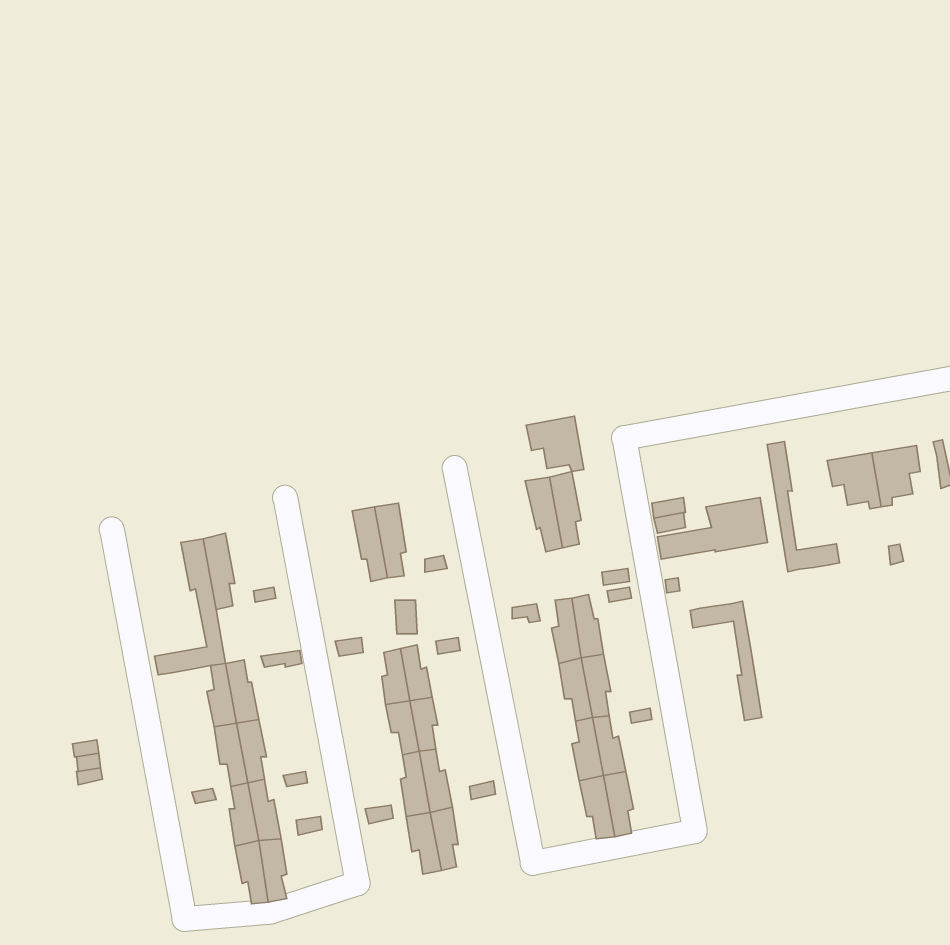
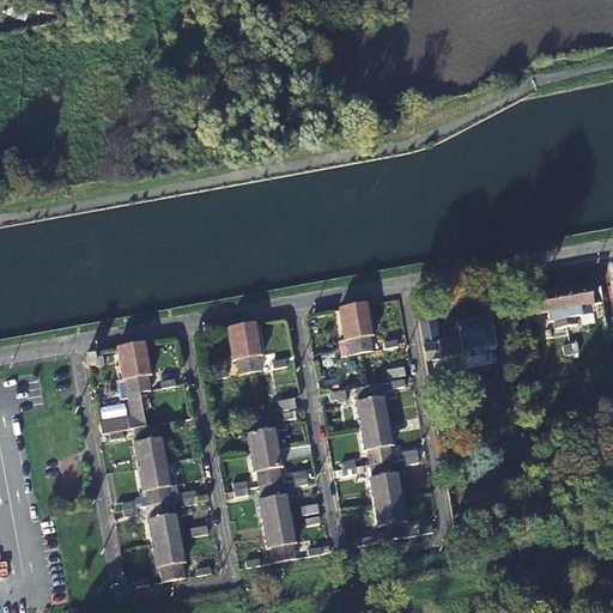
building: [526,416,584,472] -> none
building: [767,441,839,572] -> none
building: [690,601,762,721] -> none

